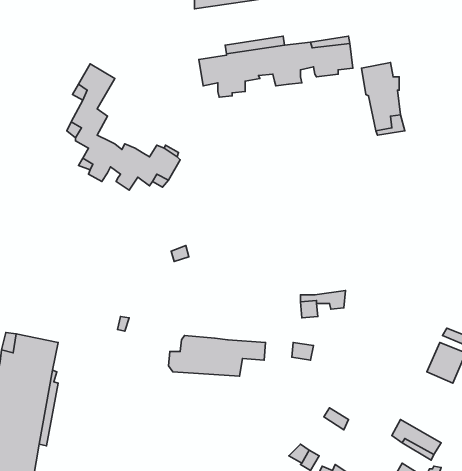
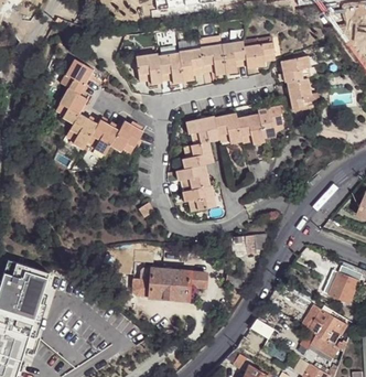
building: none -> [133,55,159,86]
building: none -> [172,108,279,212]
building: none -> [308,310,346,352]

